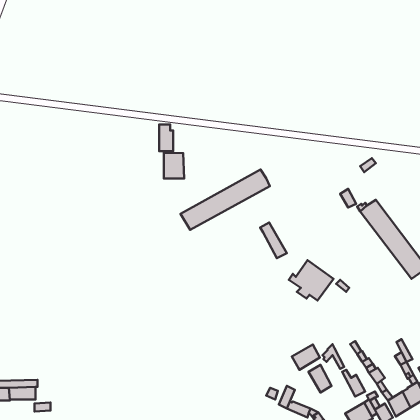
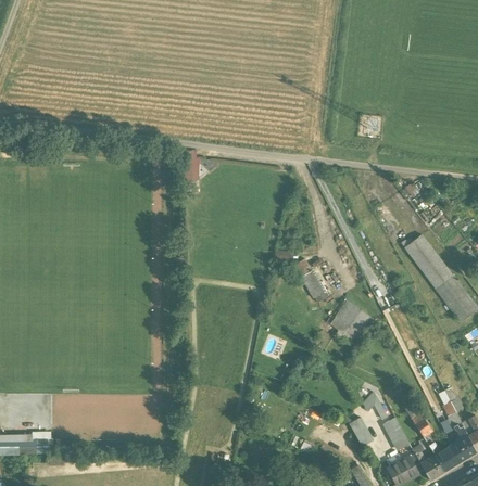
building: [164,153,184,179] -> none
building: [180,169,270,230] -> none
building: [292,344,320,370] -> none

